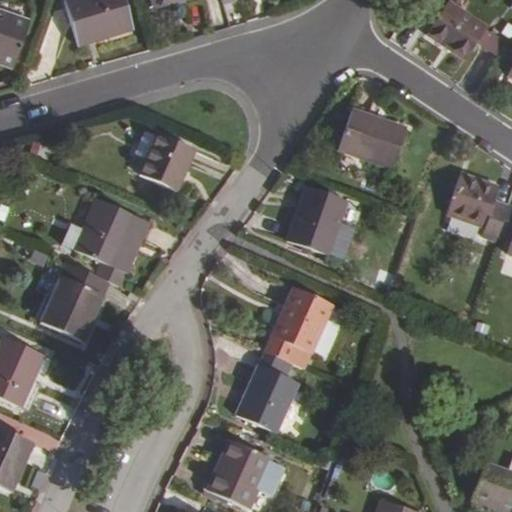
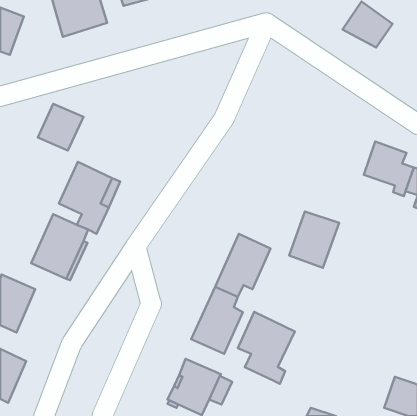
building: [338,110,406,167] -> none
building: [139,133,195,190] -> [38,104,84,150]
building: [286,186,347,255] -> [289,211,339,268]
building: none -> [238,312,295,384]

